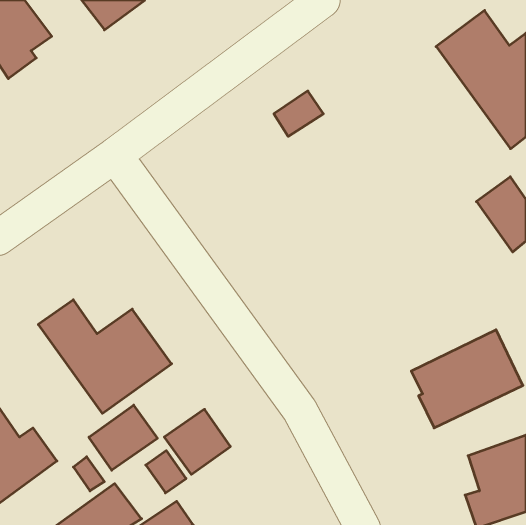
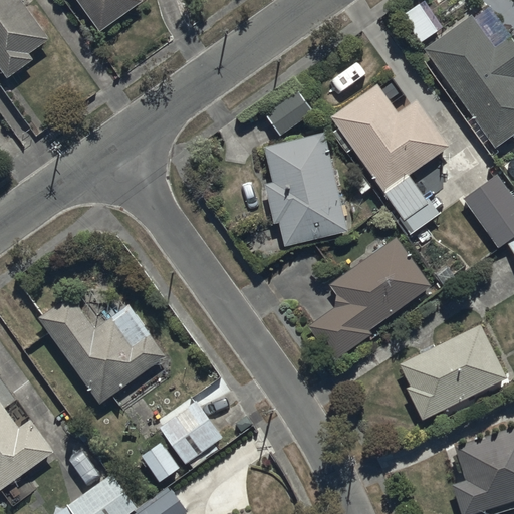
building: none -> [330,83,451,236]
building: none -> [264,132,348,247]
building: none -> [308,237,430,363]
building: [89,405,157,470] -> none

